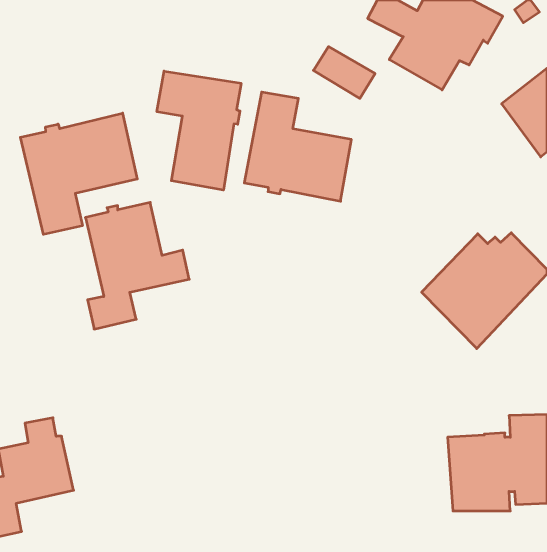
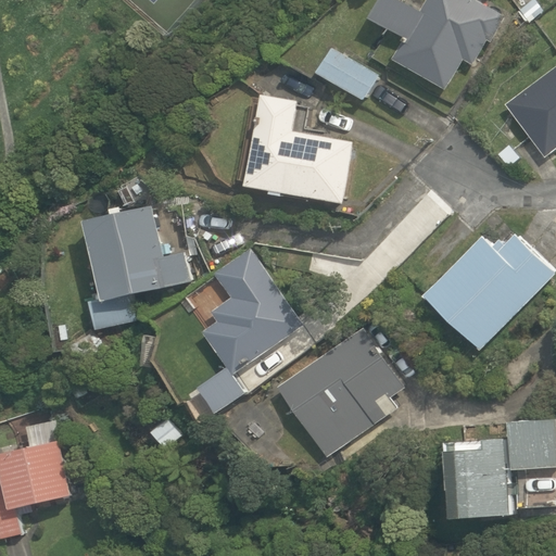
building: [157,71,241,190] -> none
building: [20,113,137,234] -> none
building: none -> [197,249,302,413]
building: none -> [277,327,404,457]

